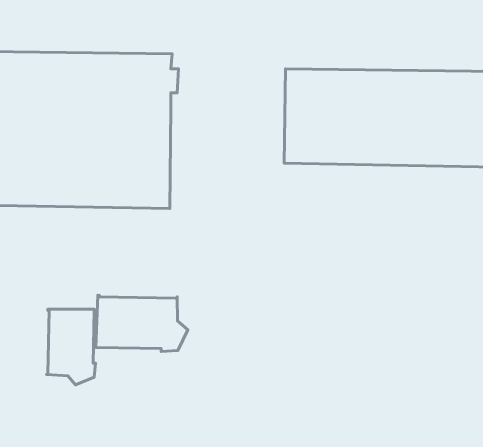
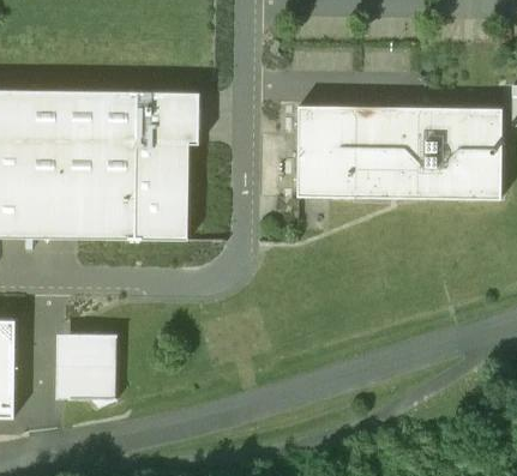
building: [96,295,188,351] -> none

